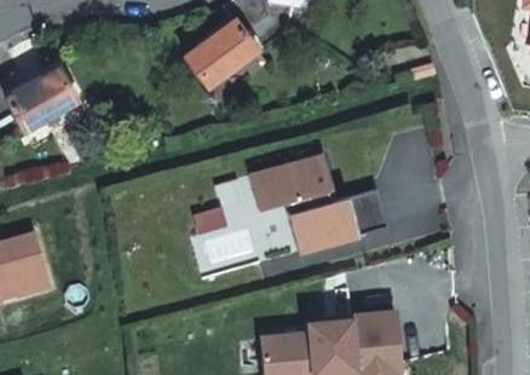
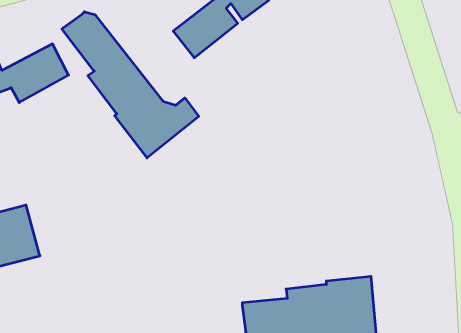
building: none -> [62,12,199,158]
building: [248,154,387,252] -> none

